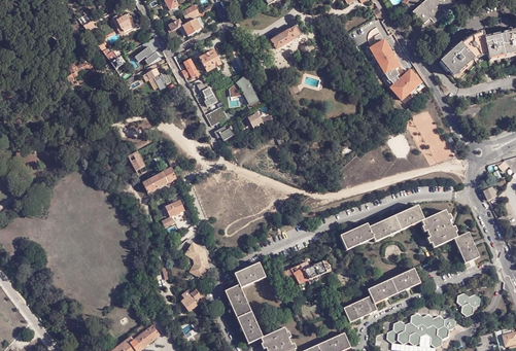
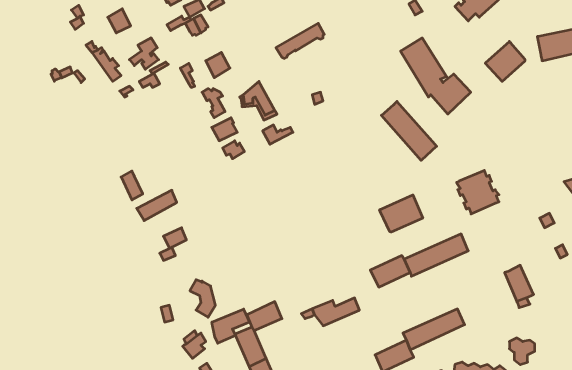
building: [459,31,485,59] -> none
building: none -> [381,101,437,160]
building: none -> [380,195,423,232]
building: [421,210,457,247] -> [457,170,499,214]
building: none -> [212,309,249,343]

